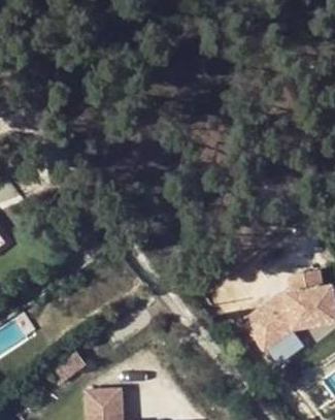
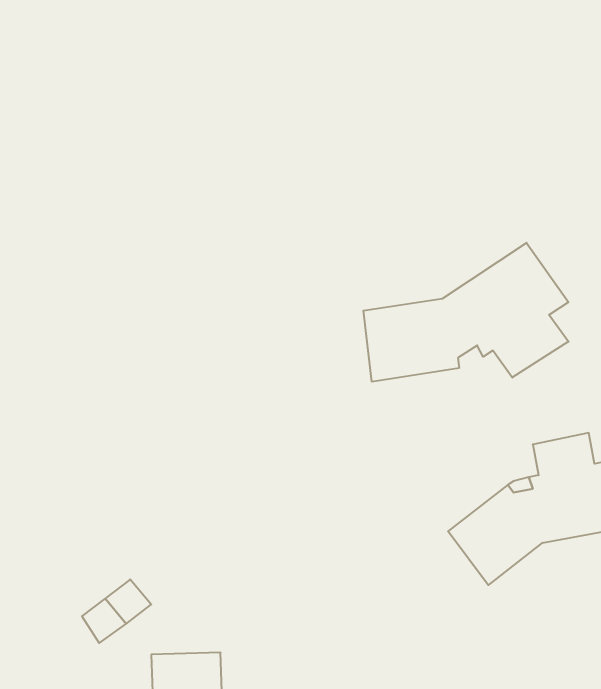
building: none -> [363,243,569,382]

